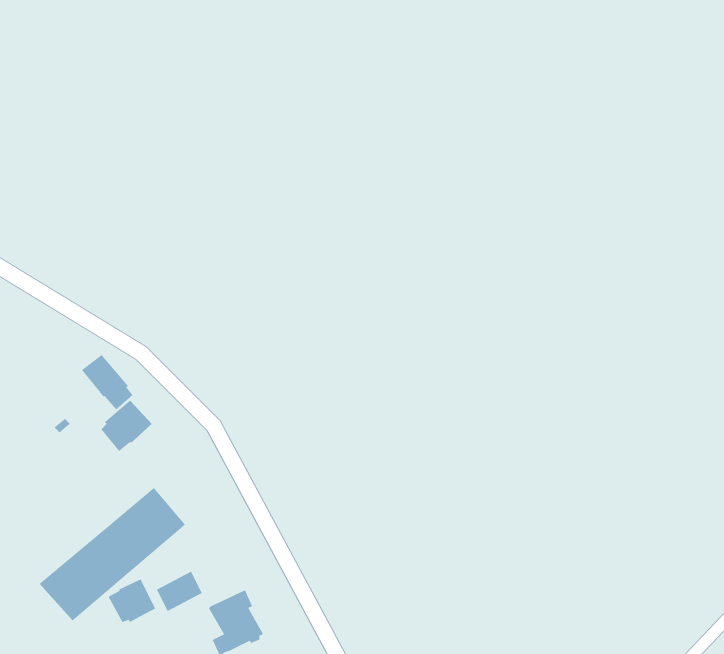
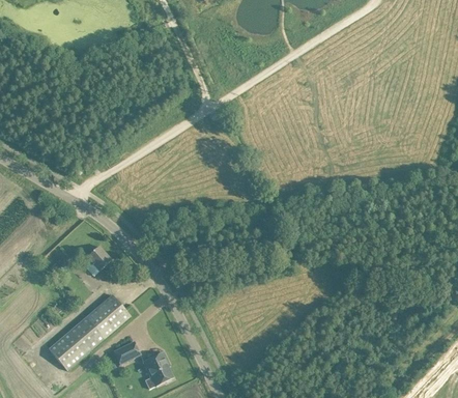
building: [81,354,133,410] -> none
building: [108,578,156,623] -> none

